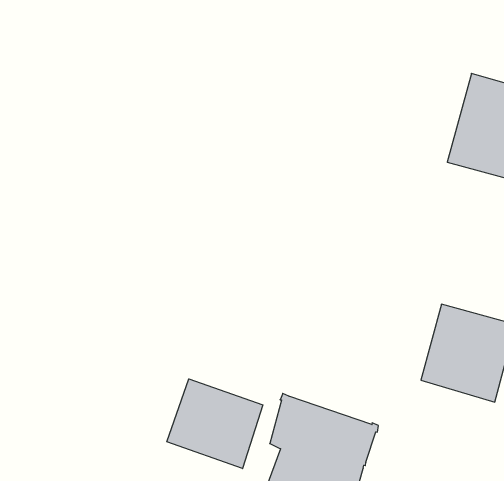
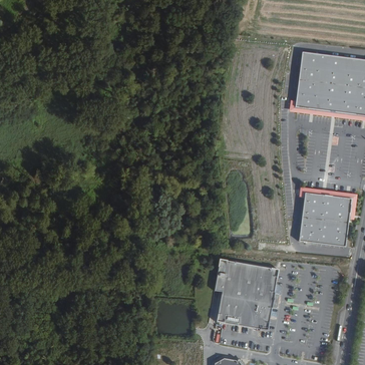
building: [167,379,263,469] -> none

